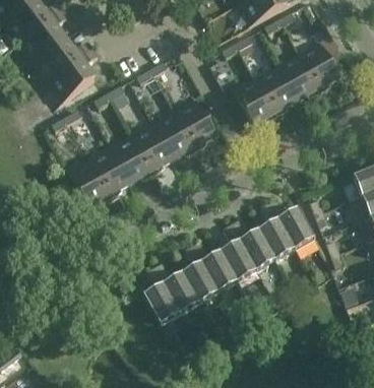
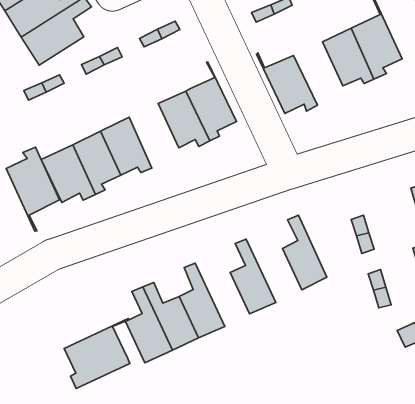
building: [257,68,297,117] -> none
building: [135,125,175,175] -> none
building: none -> [6,147,59,231]
building: [270,197,316,248] -> none
building: [232,218,277,270] -> none
building: [194,241,239,292] -> none
building: none -> [64,319,130,388]

